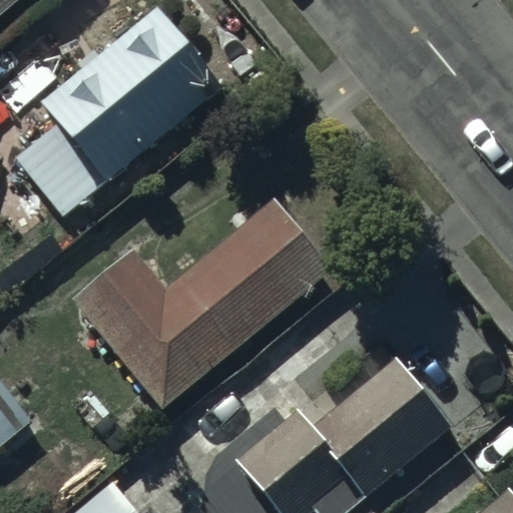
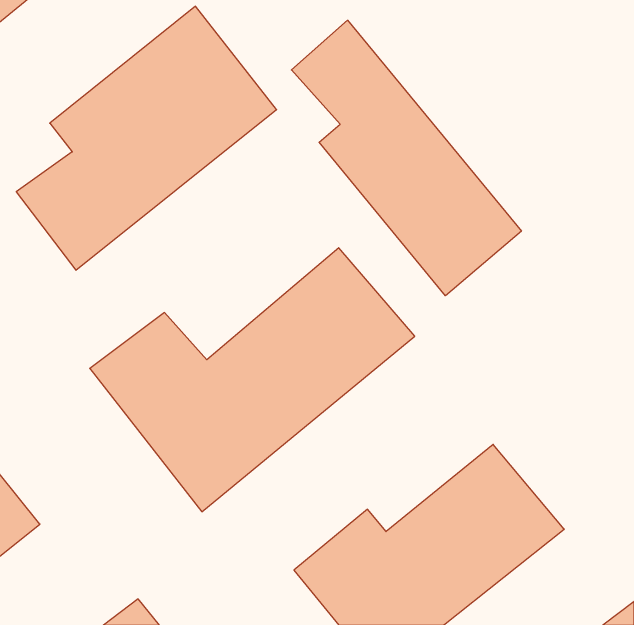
building: none -> [291,20,521,296]

